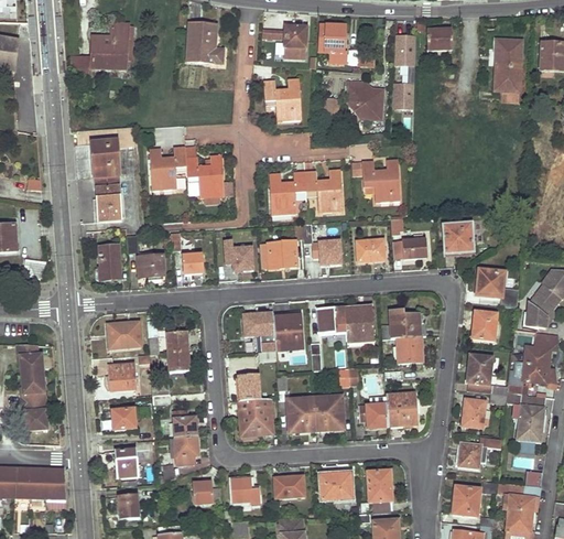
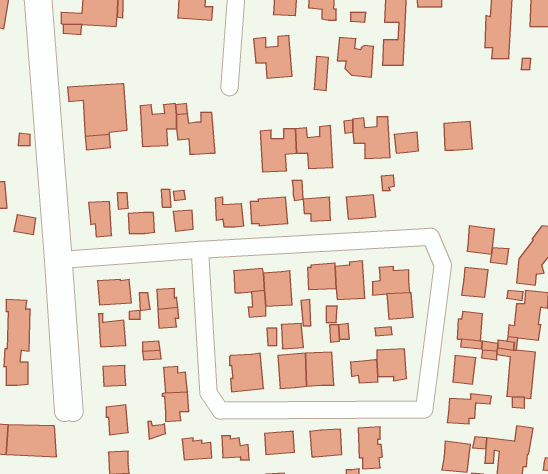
building: [96,191,121,220] -> none
building: [444,224,473,252] -> [444,121,472,150]
building: [402,238,426,259] -> [394,132,418,153]
building: [239,374,261,399] -> [281,323,303,349]

